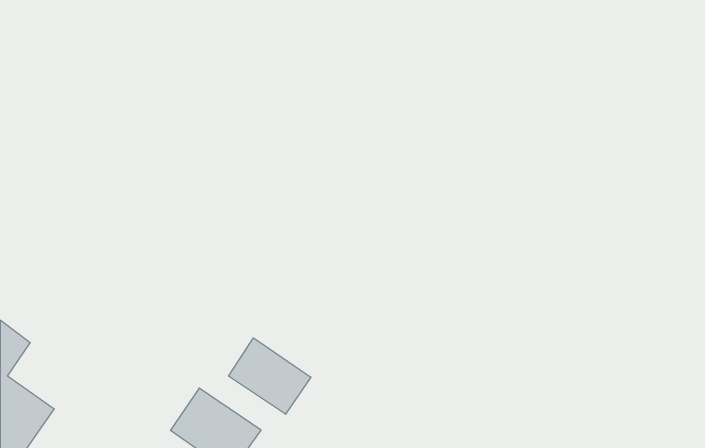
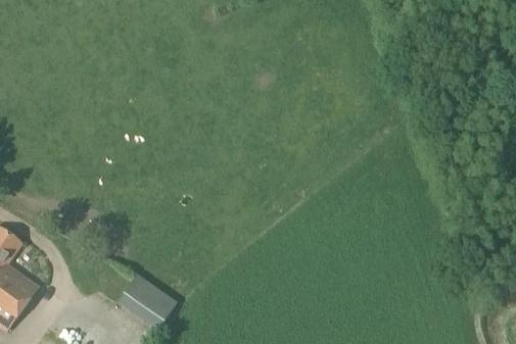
building: [229,338,311,414] -> none

